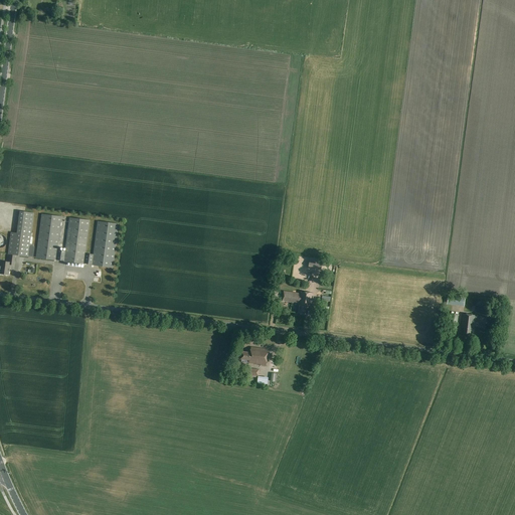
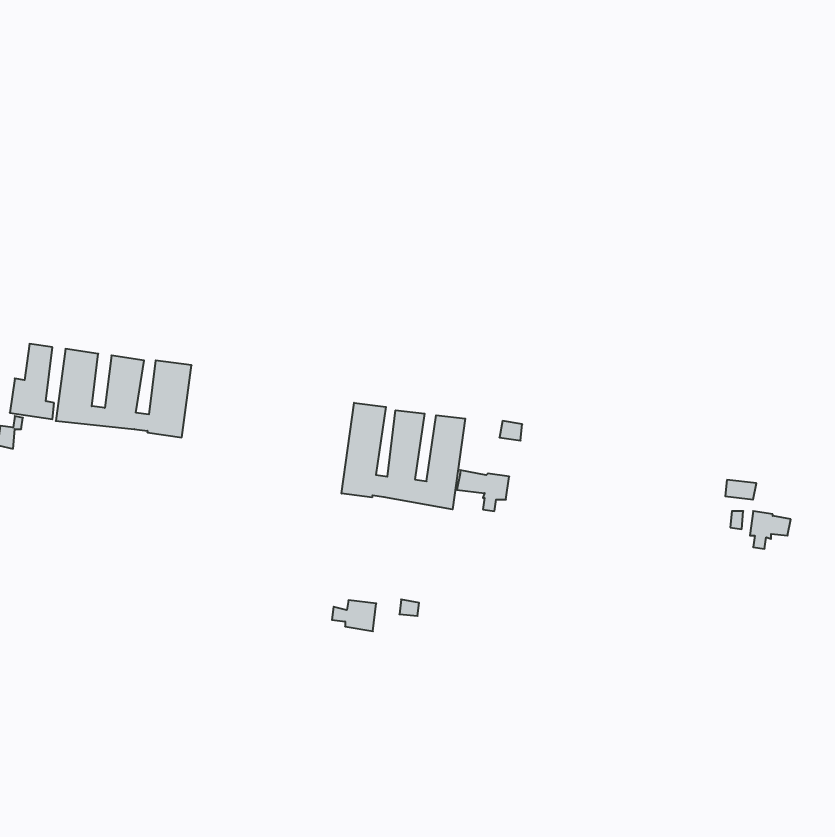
building: none -> [342,403,465,509]
building: [240,347,268,366] -> [332,600,376,631]

